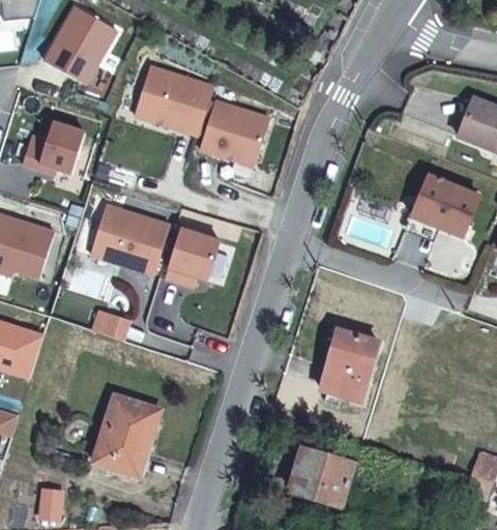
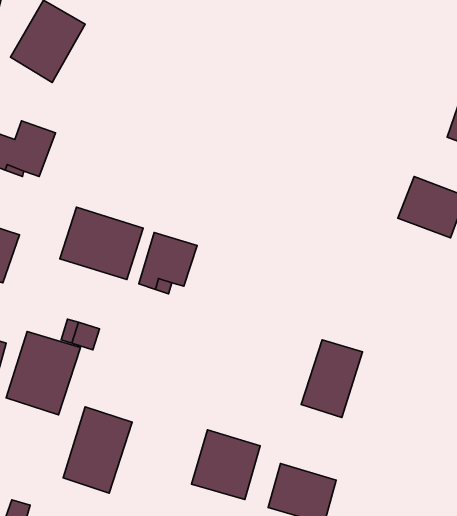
building: [135,65,213,135] -> none
building: [200,99,269,166] -> none
building: none -> [6,331,80,415]
building: none -> [191,430,260,499]

